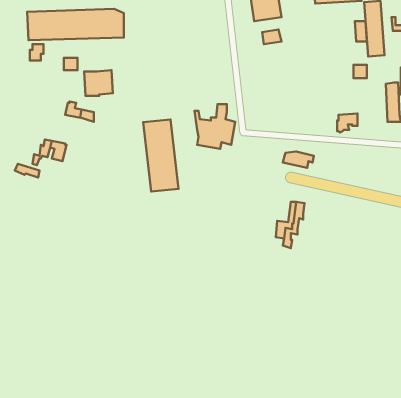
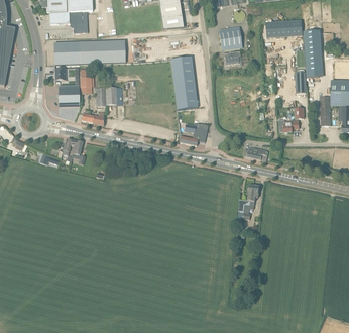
building: none -> [59,84,80,105]
building: [143,119,179,191] -> [171,56,198,109]

